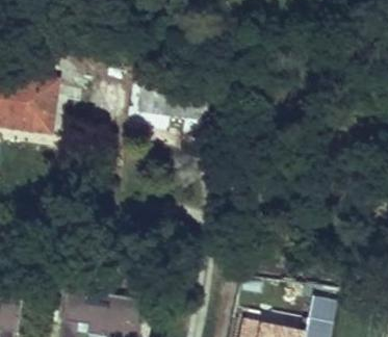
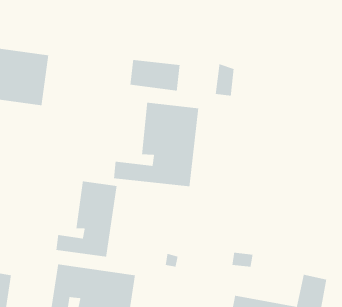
building: none -> [113,102,199,187]
building: none -> [55,180,117,258]

